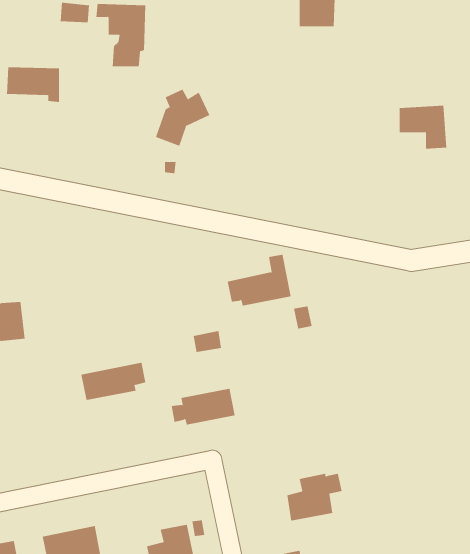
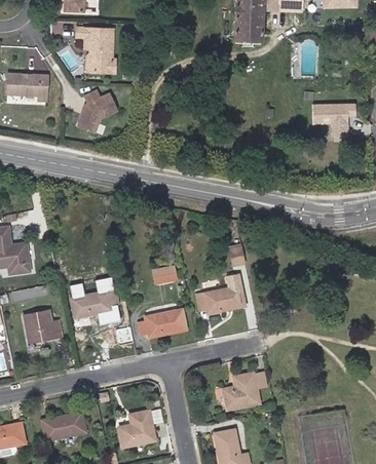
building: [155,89,210,147] -> [82,85,123,128]
building: [227,254,291,306] -> [195,274,243,313]
building: none -> [23,310,60,343]

